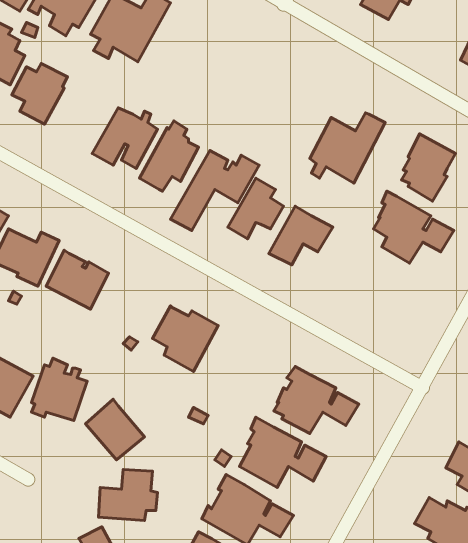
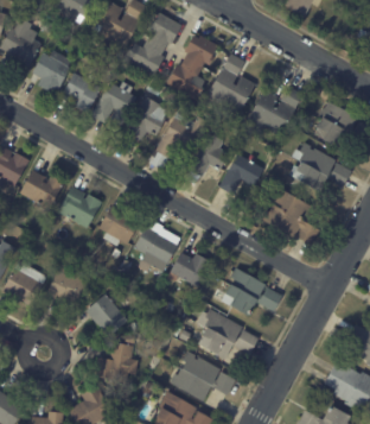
building: none -> [122,11,181,76]
building: none -> [166,34,217,100]
building: none -> [206,53,257,114]
building: none -> [63,72,100,112]
building: none -> [264,189,324,245]
building: none -> [98,204,141,246]
building: none -> [167,252,211,287]

